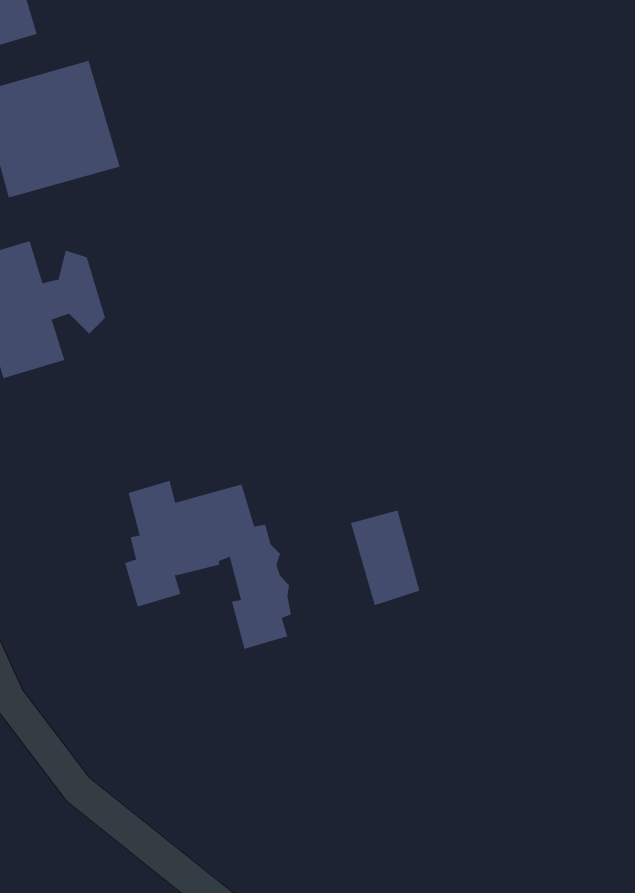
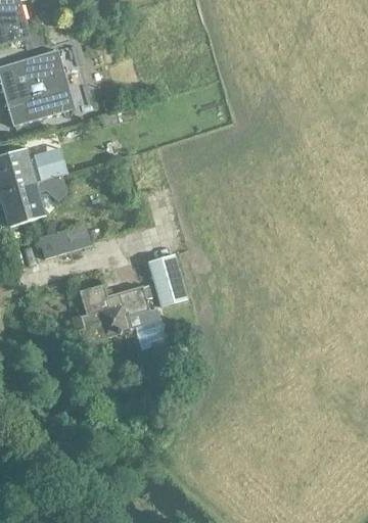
building: none -> [37,229,91,258]
building: [350,510,420,606] -> [147,253,186,306]

